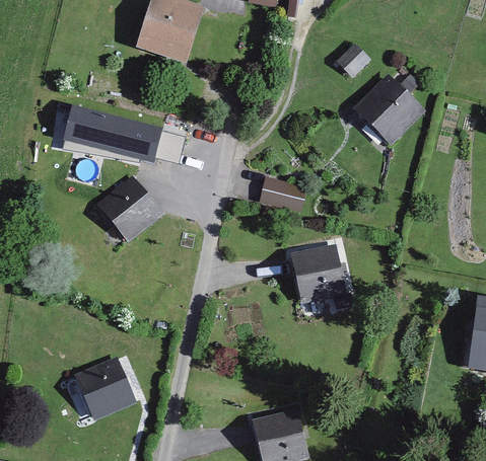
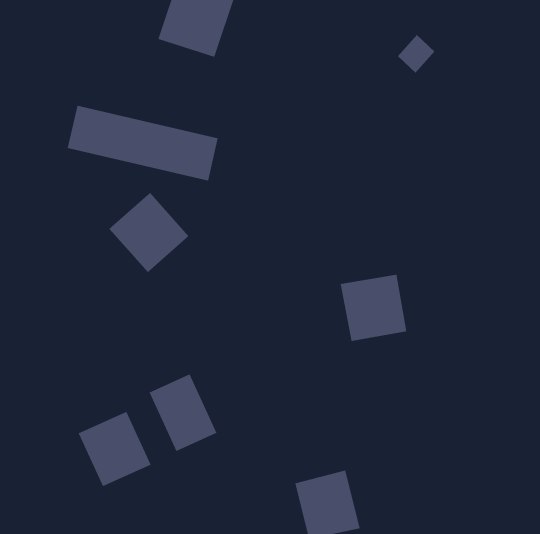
building: [354,75,423,145] -> none
building: [258,176,304,209] -> none
building: none -> [149,373,217,452]

